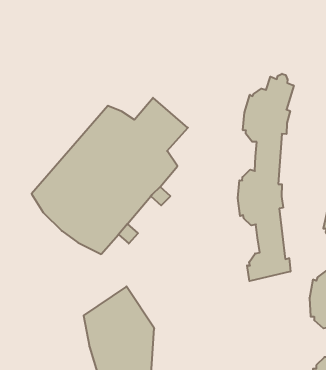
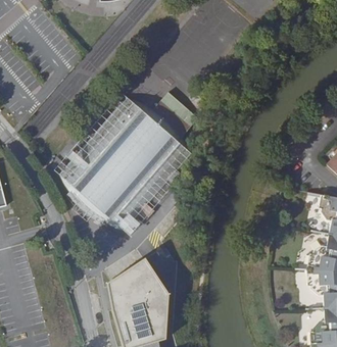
building: [238,74,294,281] -> none

